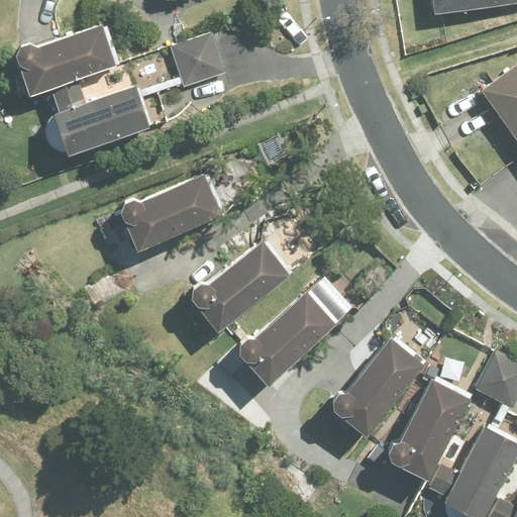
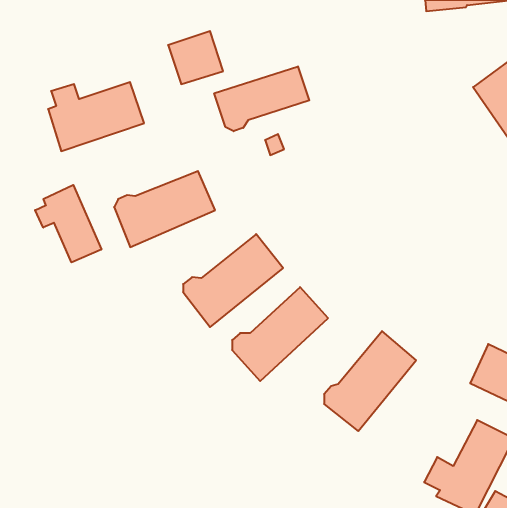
building: [13,24,116,96] -> none
building: none -> [214,66,309,131]
building: none -> [35,185,101,262]
building: [386,379,473,483] -> none

